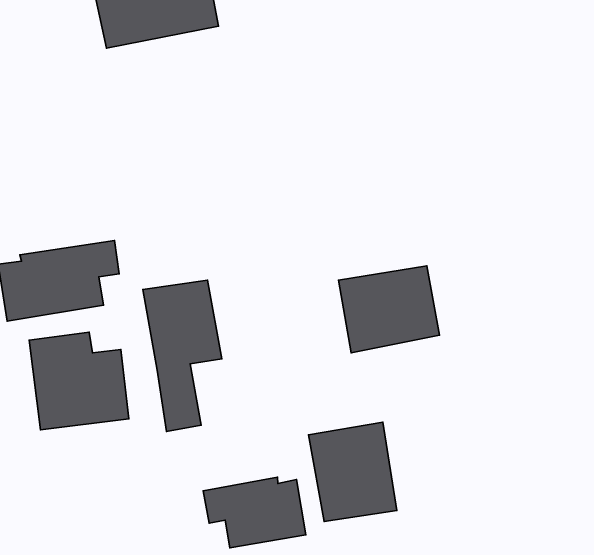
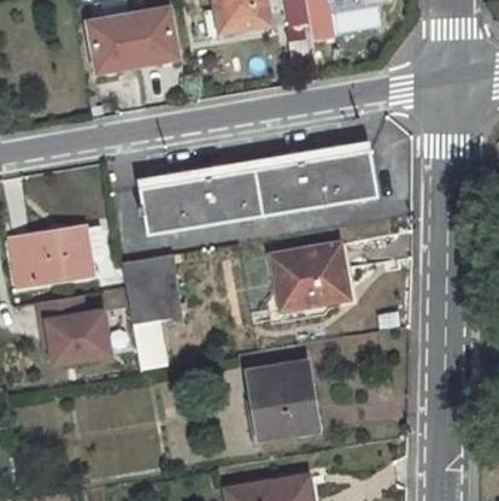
building: none -> [139,148,376,234]
building: [203,477,306,548] -> none

